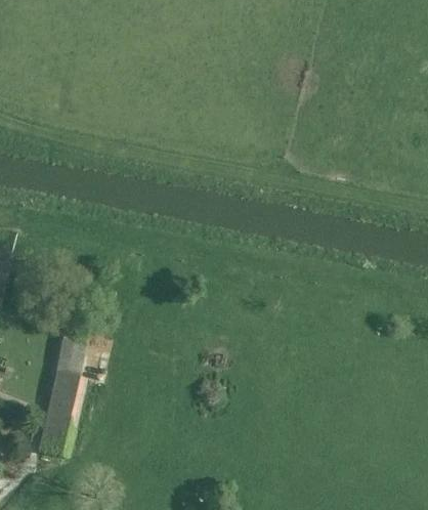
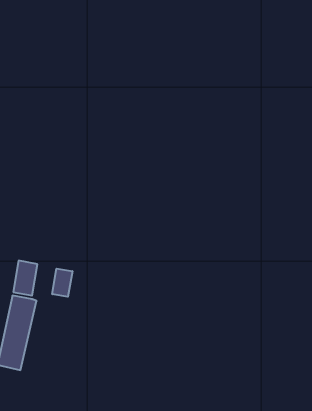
building: none -> [52,269,72,297]

